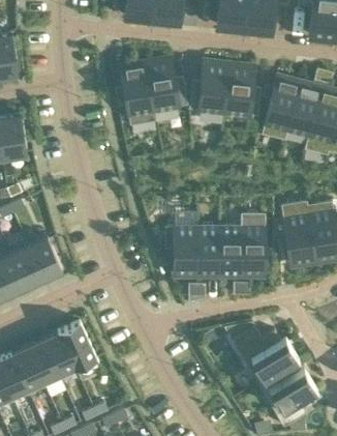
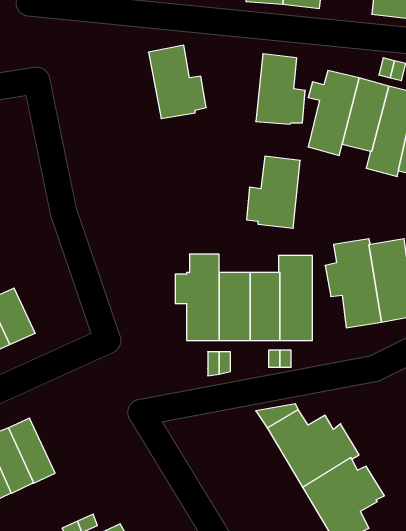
building: [189,62,228,115] -> [247,156,300,228]
building: [116,64,155,125] -> none
building: [57,322,98,373] -> none

